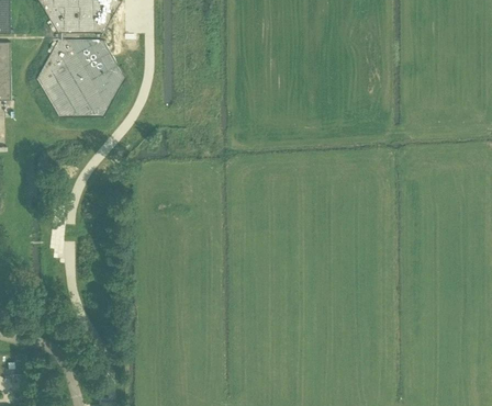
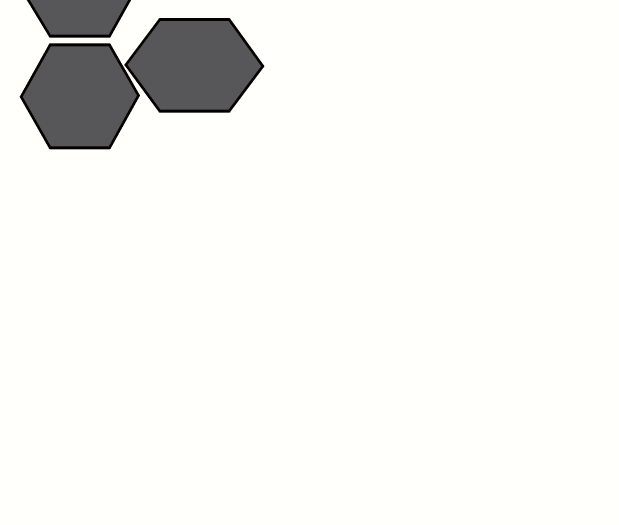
building: none -> [126,20,263,111]

